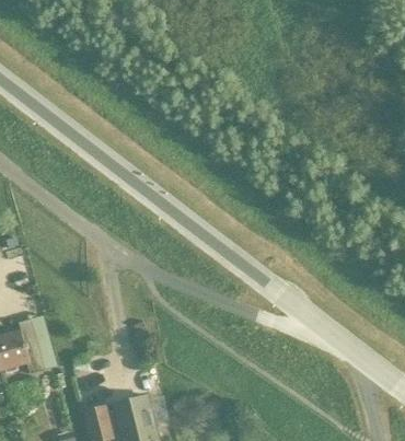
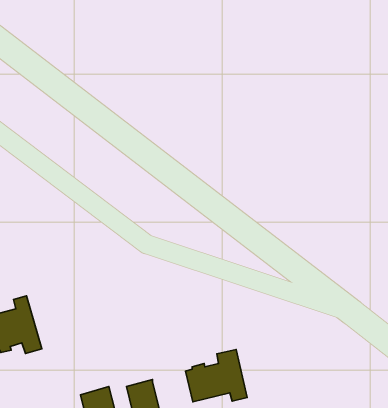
building: none -> [185,349,247,402]

